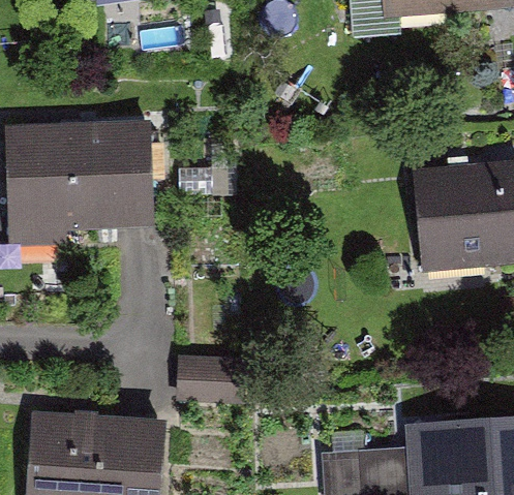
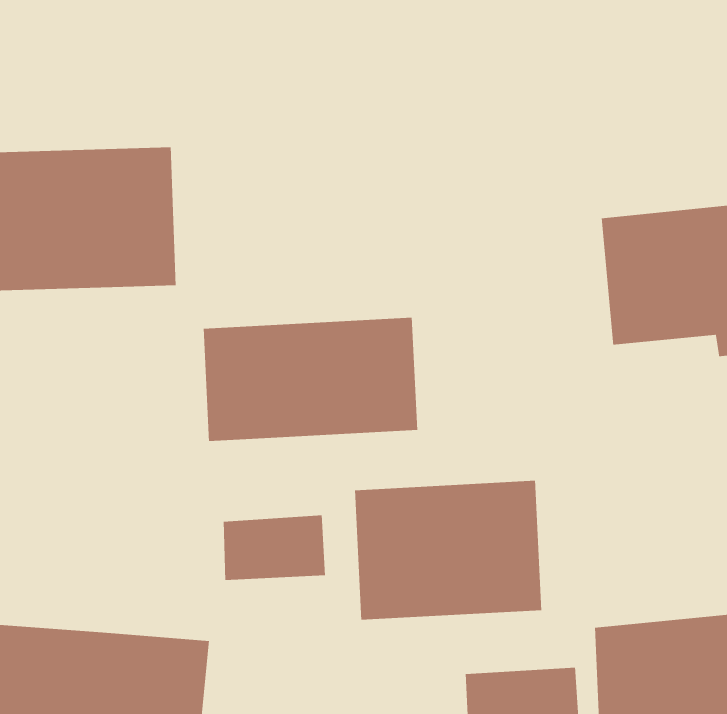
building: none -> [203,317,418,442]
building: none -> [354,480,542,621]

